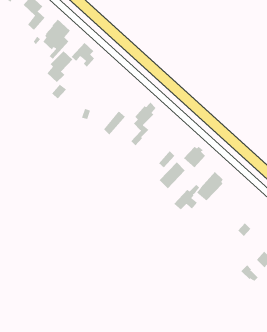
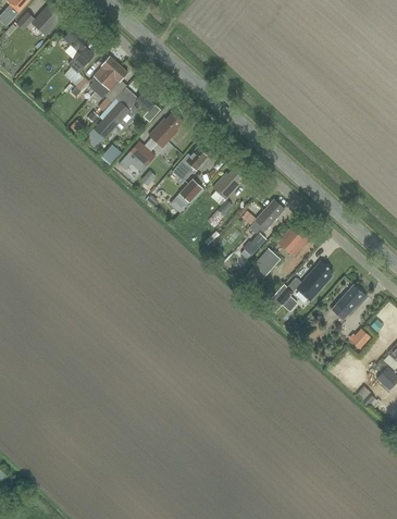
building: none -> [127,111,183,166]
building: none -> [172,147,208,181]
building: none -> [250,198,284,230]
building: none -> [331,284,367,320]

